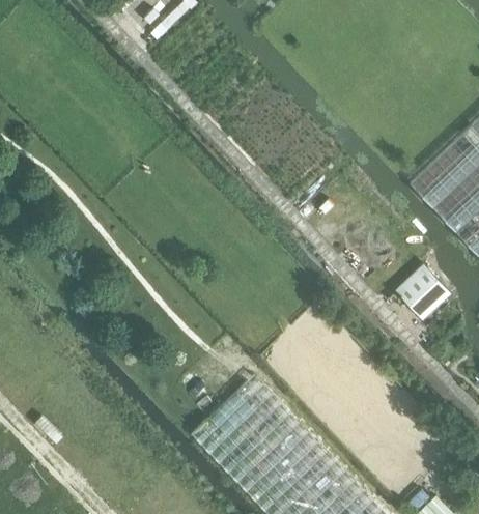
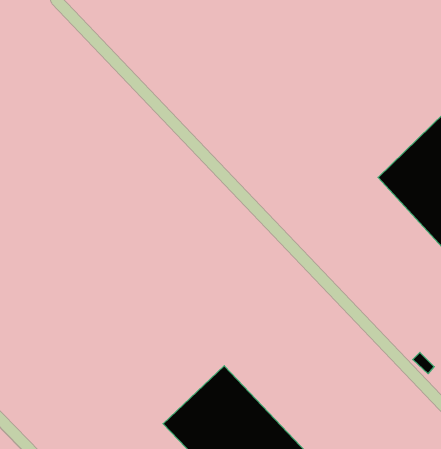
building: [397,265,453,321] -> none

